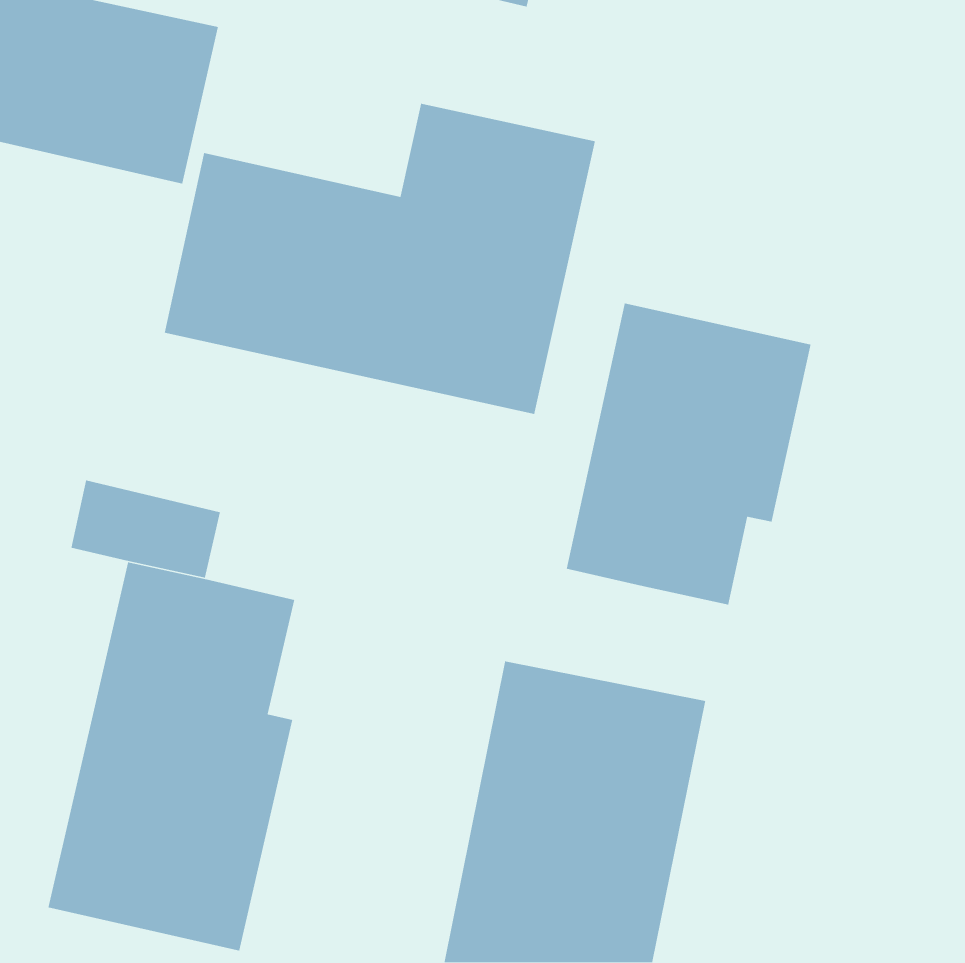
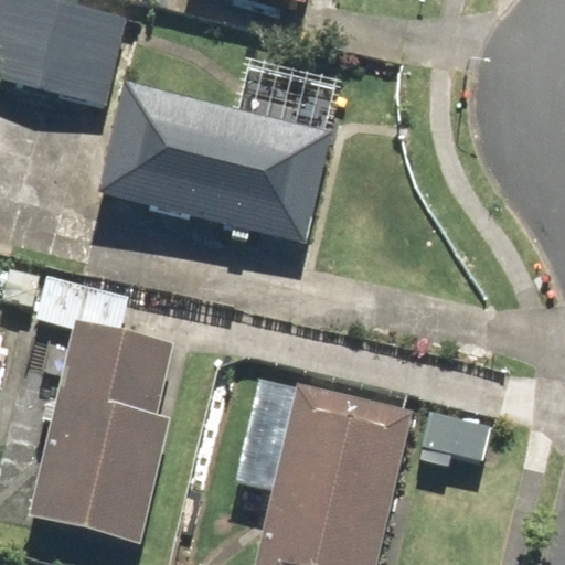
building: [566,302,811,605] -> none

